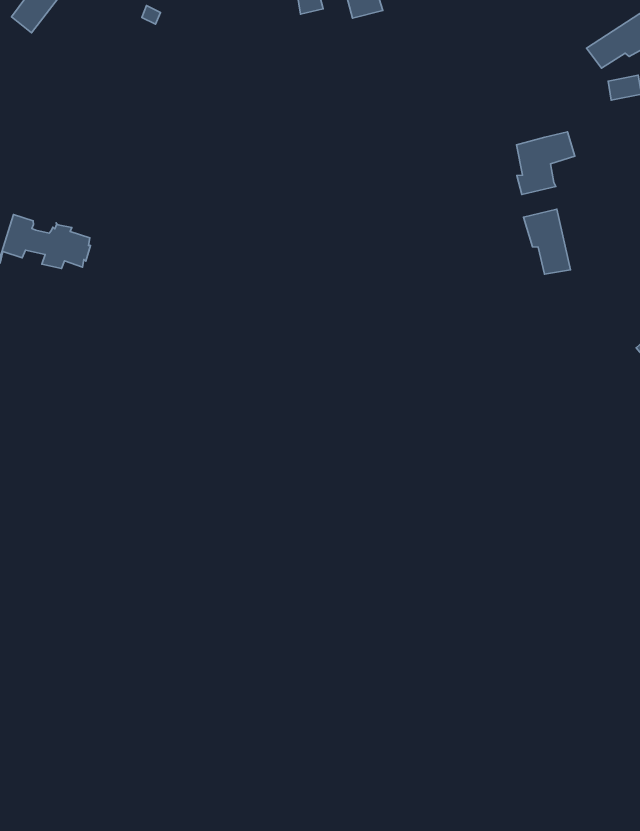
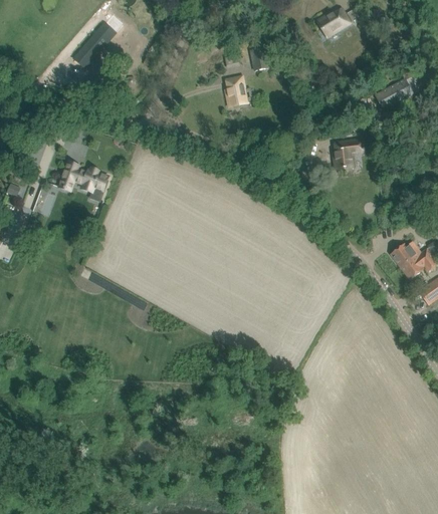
building: none -> [226,77,246,106]
building: [523,209,570,274] -> none

